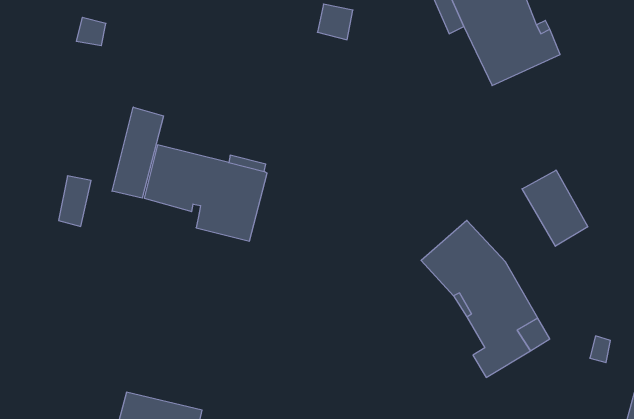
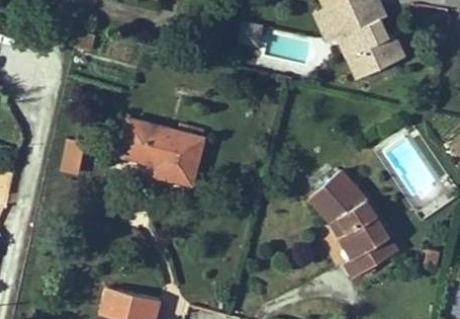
building: [112,107,164,198] -> none
building: [522,170,588,246] -> none

